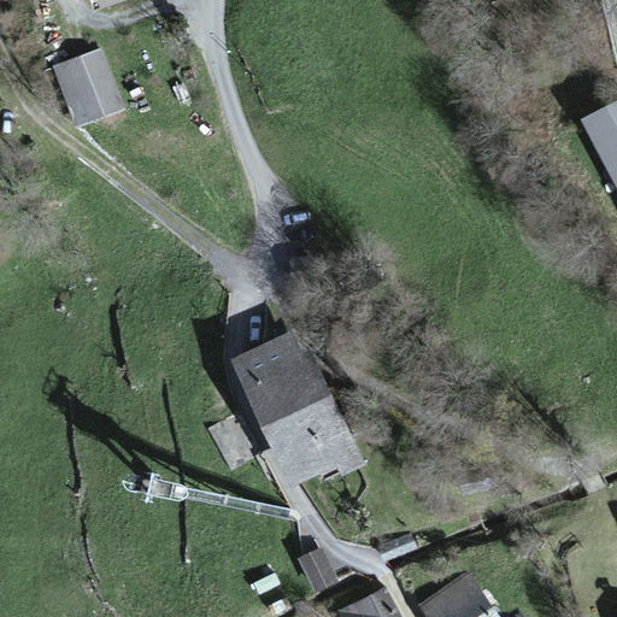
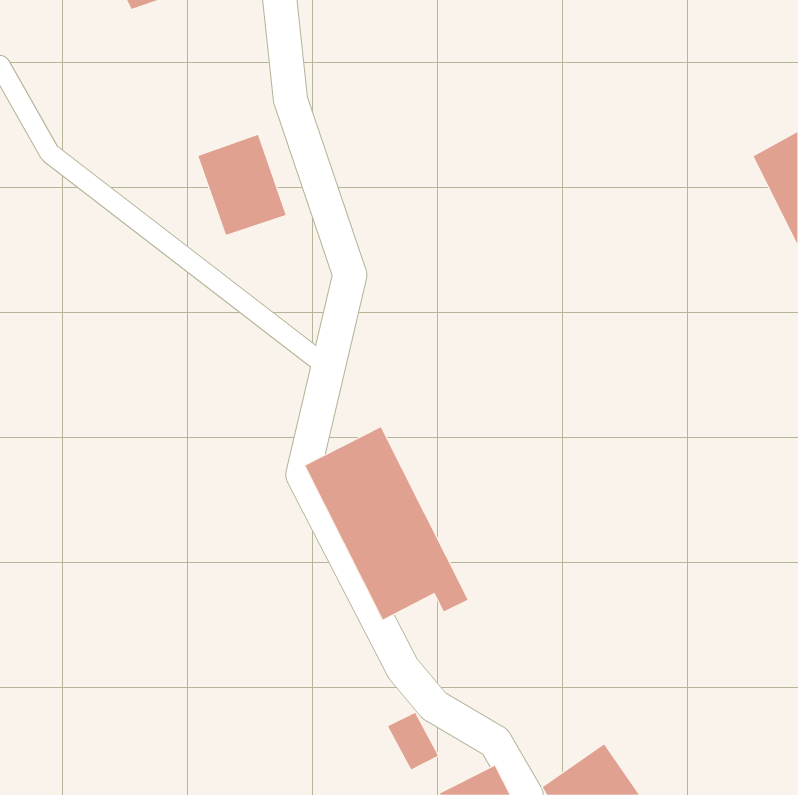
building: [55,48,124,127] -> [197,134,286,236]

